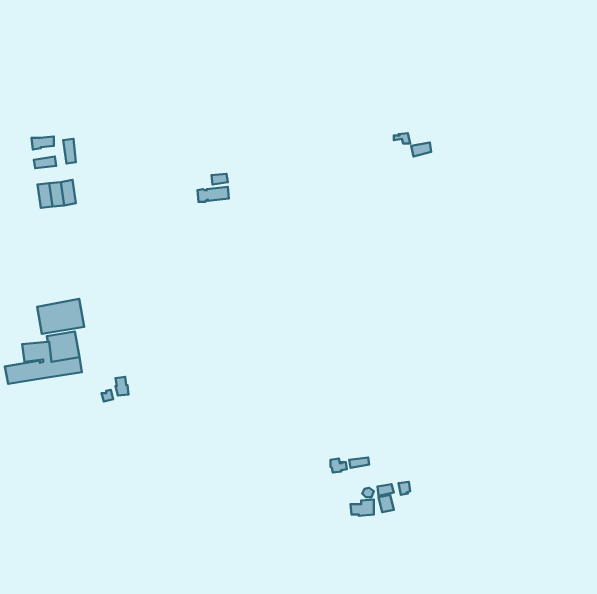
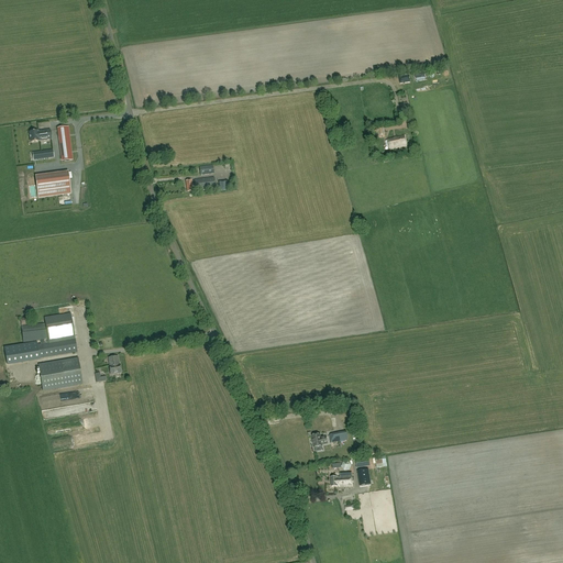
building: [37,299,84,334] -> [38,356,82,389]

